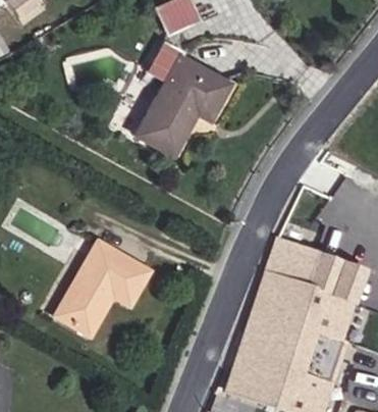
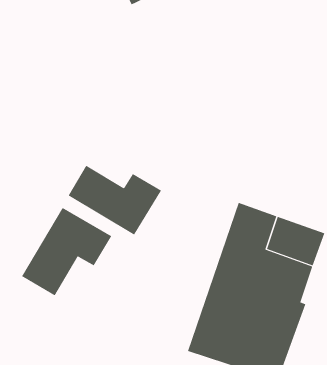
building: [136,41,229,157] -> none
building: none -> [68,165,162,235]

